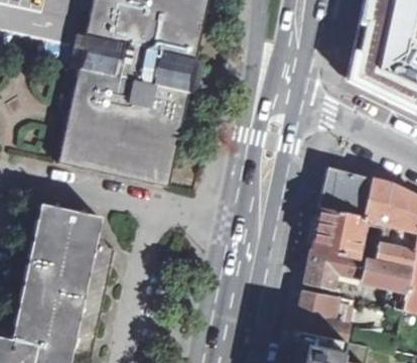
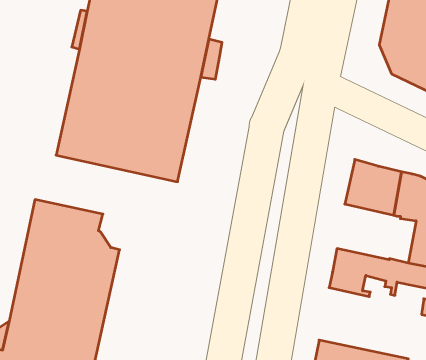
building: [311,206,366,256] -> none
building: [295,288,356,339] -> none

